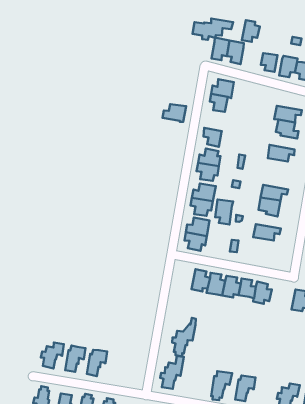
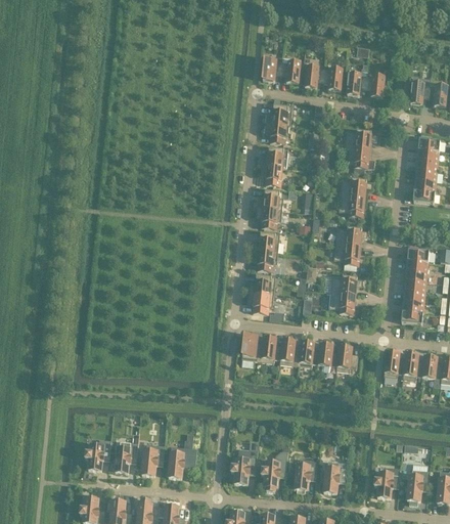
building: [193,19,233,40] -> none
building: [242,20,260,42] -> [305,62,325,88]
building: [162,104,186,122] -> [261,147,288,168]
building: none -> [339,195,365,216]
building: [215,200,233,225] -> none
building: none -> [329,293,356,313]
building: none -> [242,335,263,361]
building: [172,318,196,357] -> [262,443,288,491]
building: none -> [169,446,197,478]

